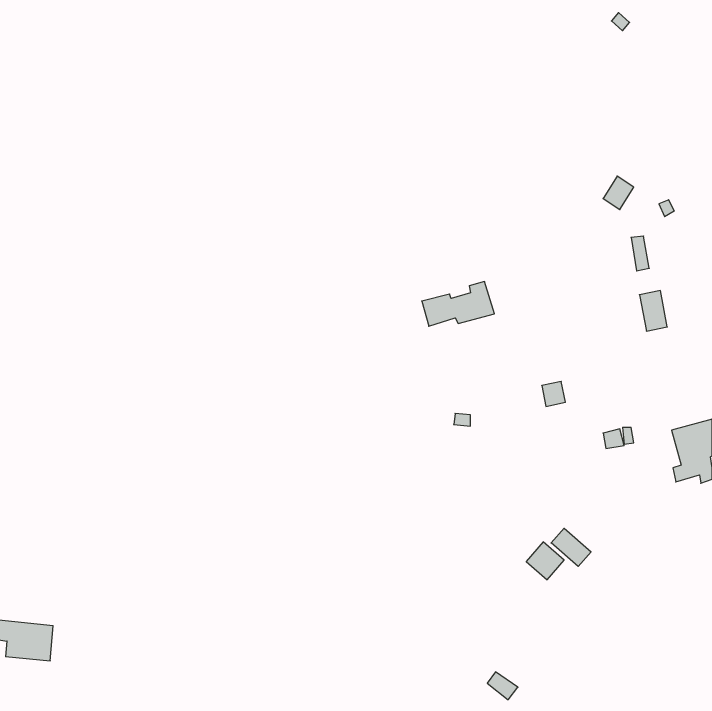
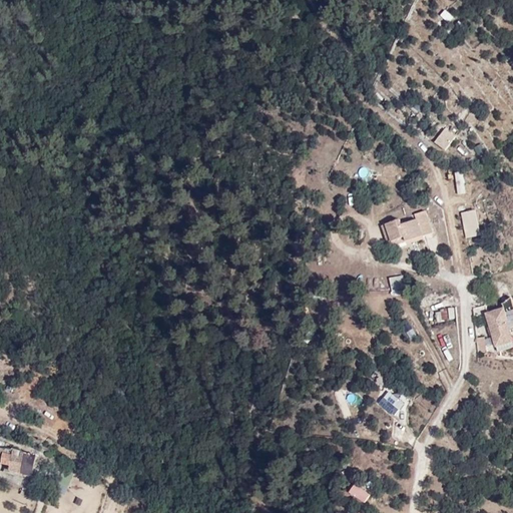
building: [422,282,494,326] -> [381,210,433,242]
building: [551,528,591,566] -> none

